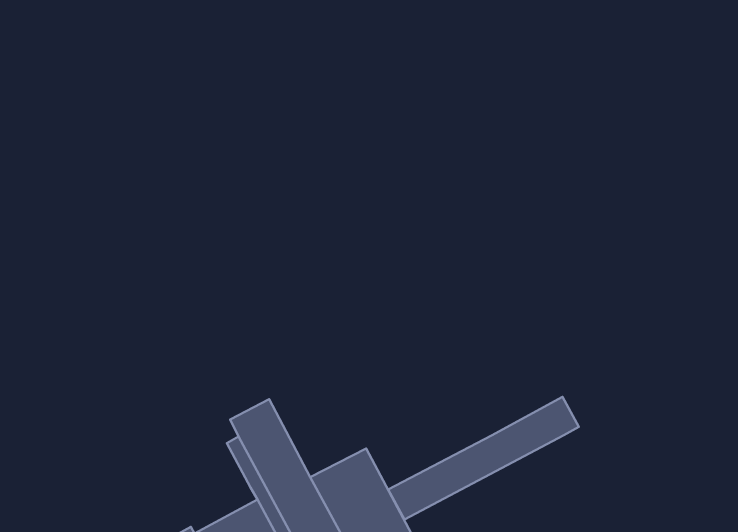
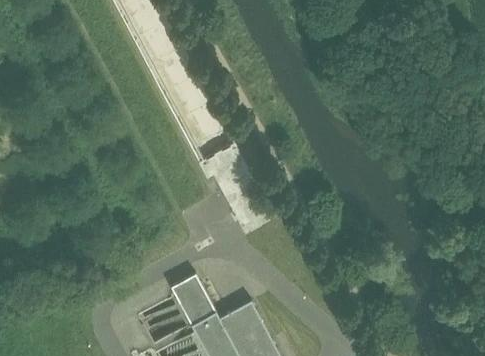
building: [388,397,579,519] -> none
building: none -> [136,297,185,342]

